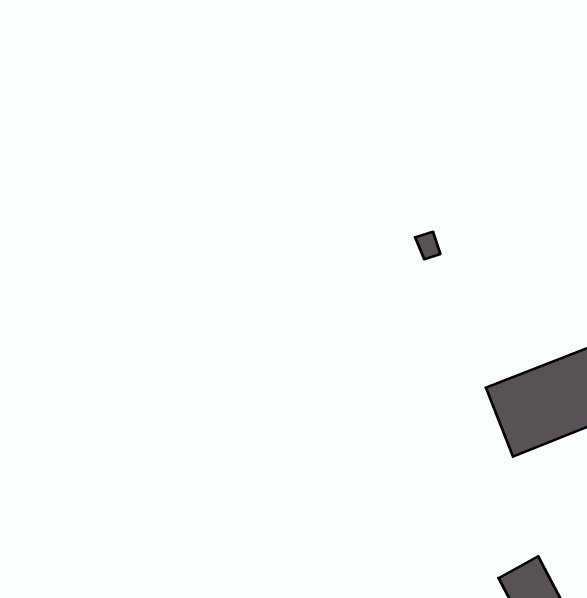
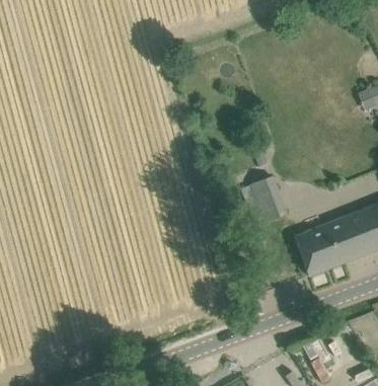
building: none -> [245,177,287,226]

